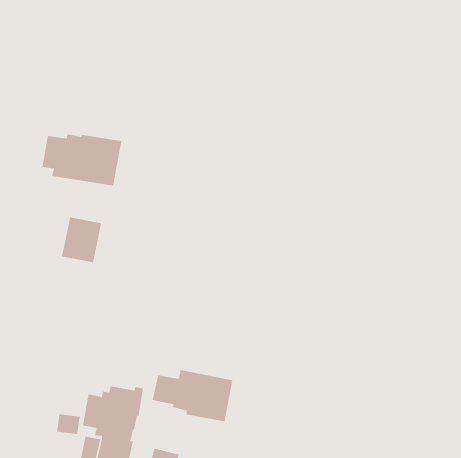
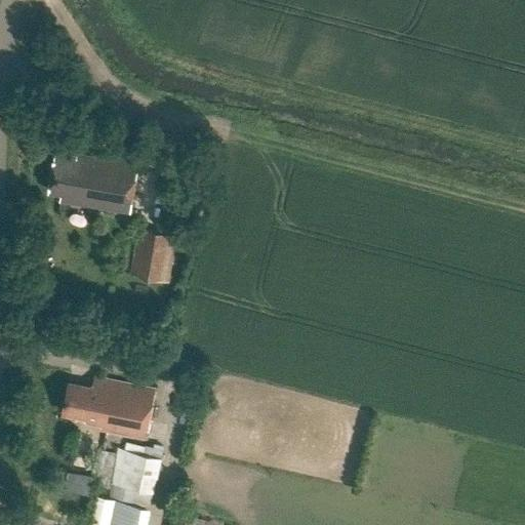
building: [61,217,102,263] -> [130,229,176,281]
building: [152,369,233,422] -> [62,379,154,439]

